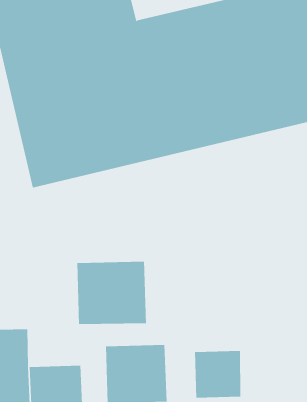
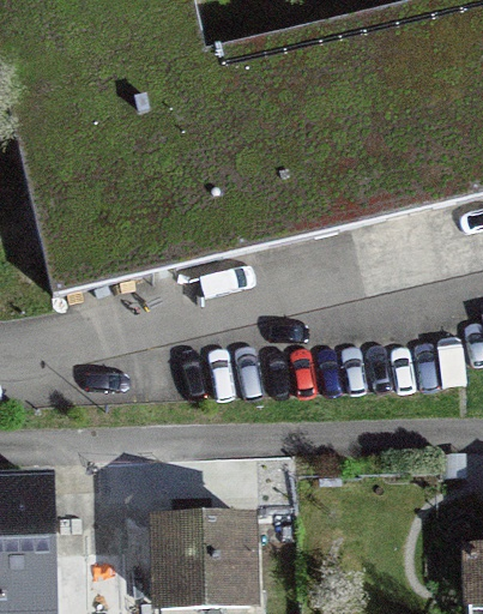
building: [77,261,146,325] -> none
building: [195,350,241,399] -> none

